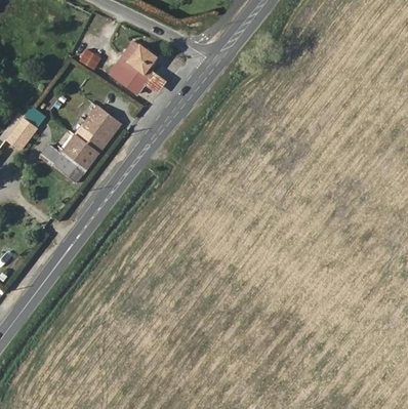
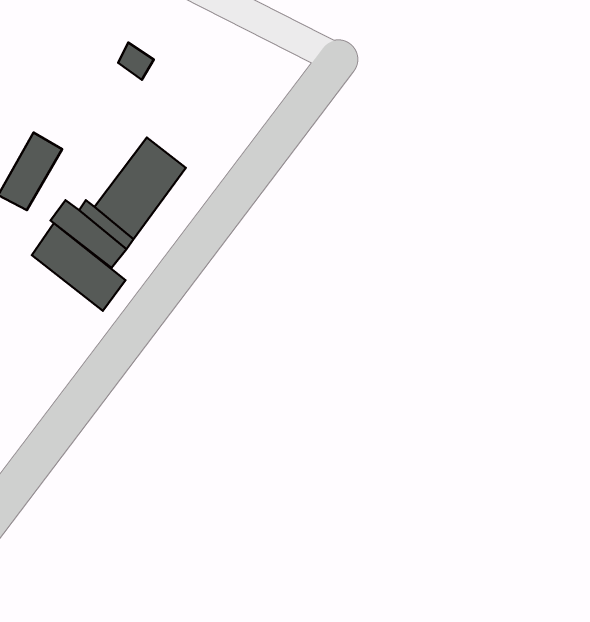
building: [108,38,159,95] -> none
building: none -> [32,223,126,311]

